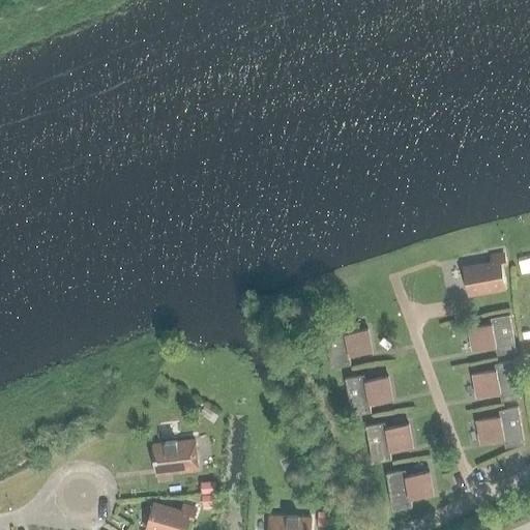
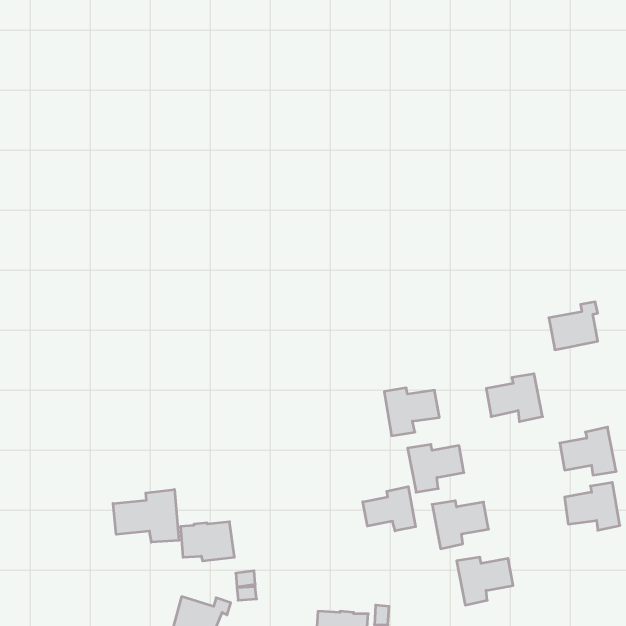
building: [468,316,516,356] -> [486,374,543,422]
building: none -> [363,487,416,531]
building: none -> [113,489,179,542]

